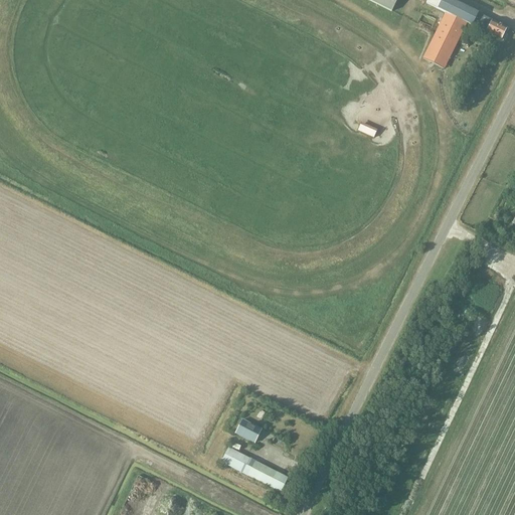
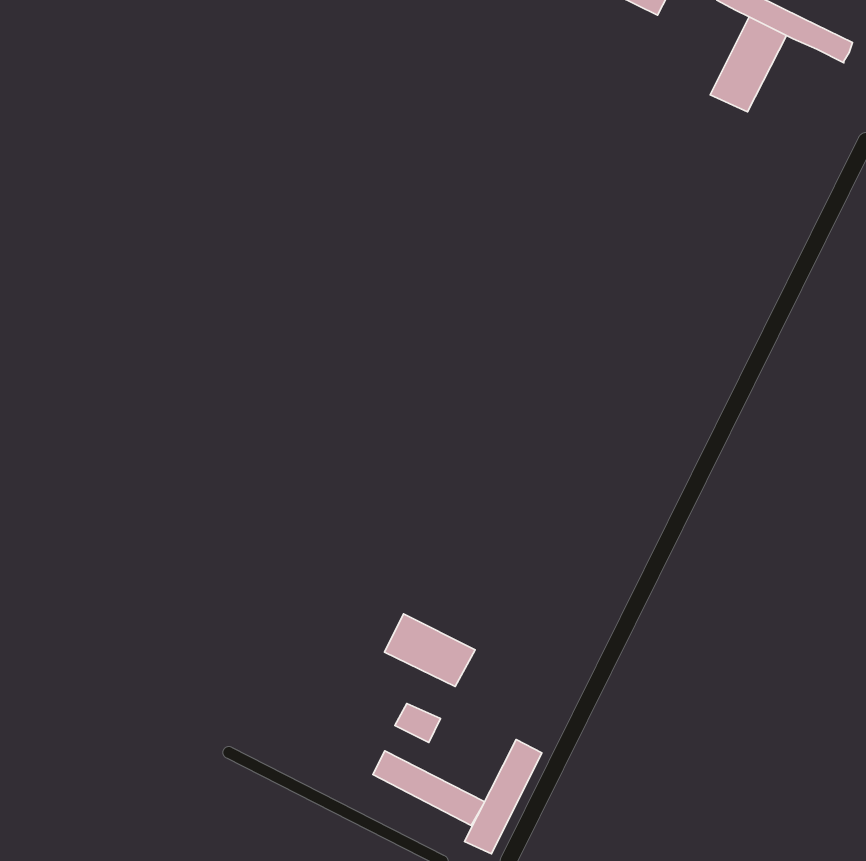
building: none -> [385,614,475,686]
building: none -> [464,740,542,854]

